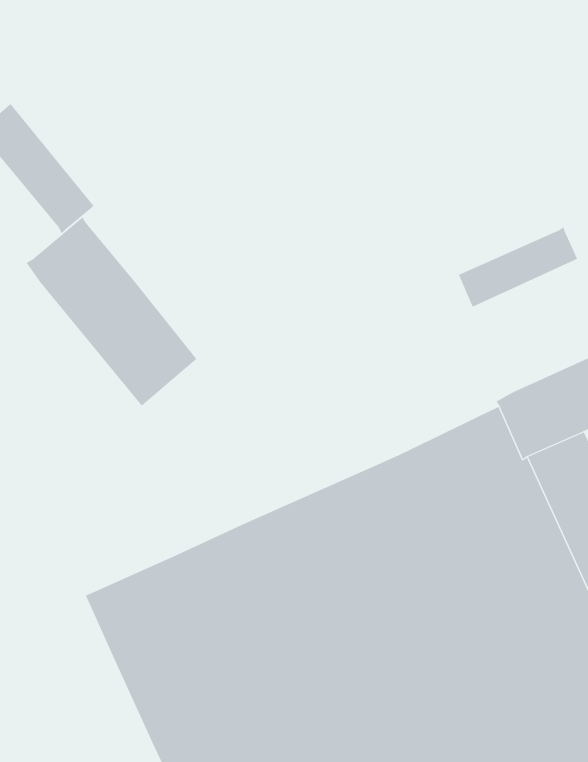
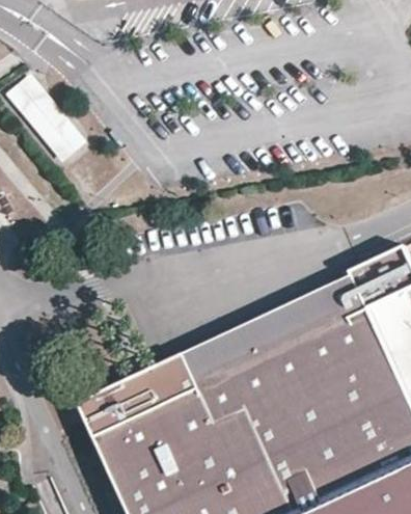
building: [26,216,197,406] -> none
building: [458,226,578,308] -> none

